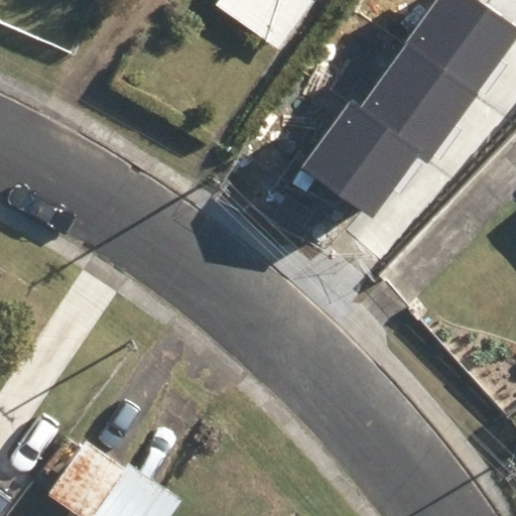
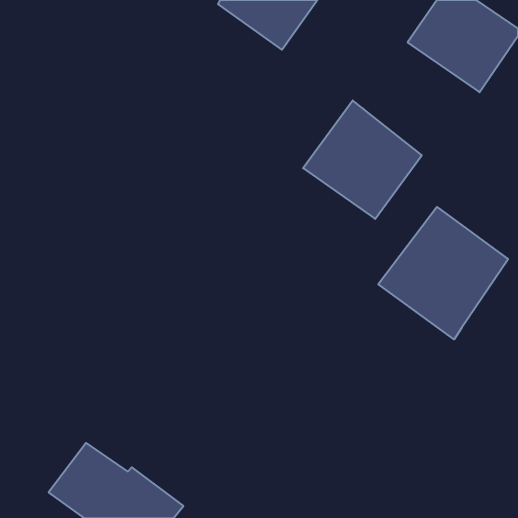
building: [361,42,479,161] -> none
building: none -> [378,207,508,339]

